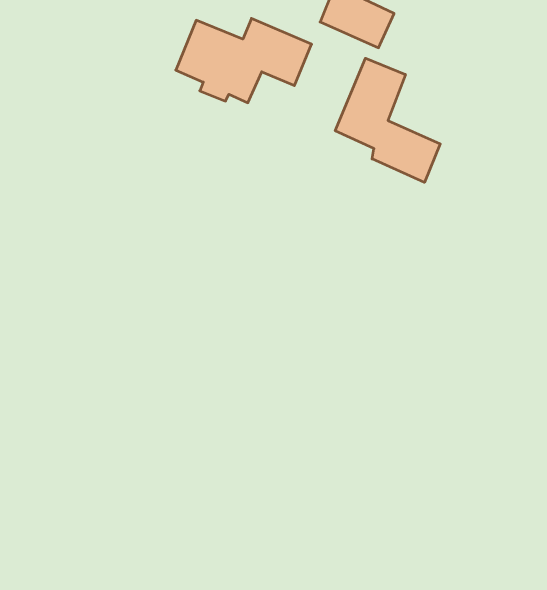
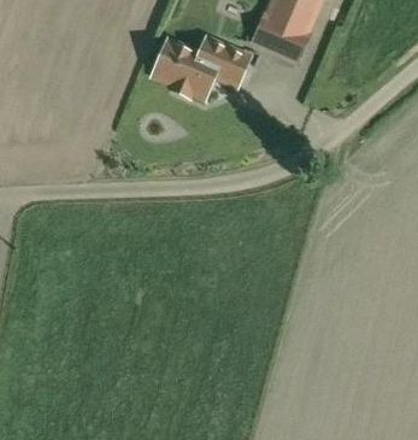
building: [335,58,440,182] -> none

